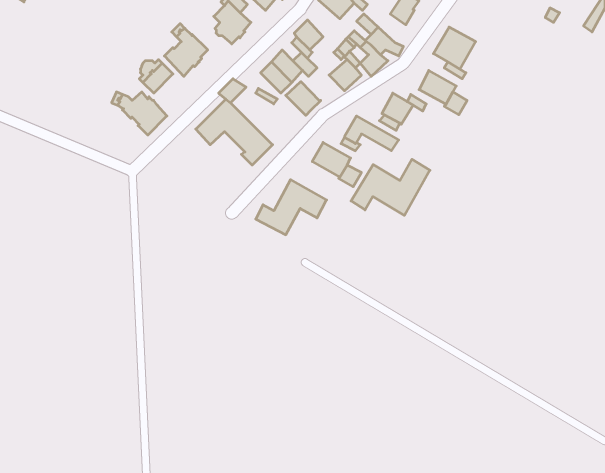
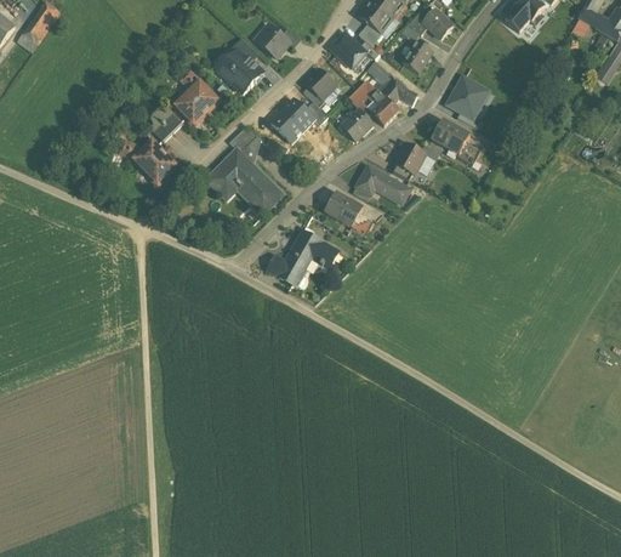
building: [286,82,321,115] -> none
building: [351,159,430,215] -> none

